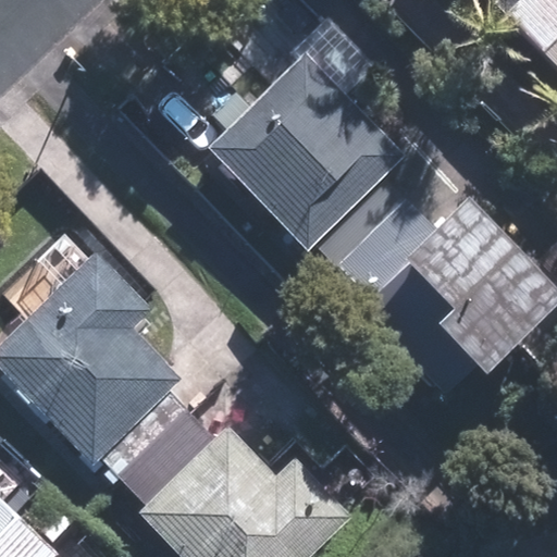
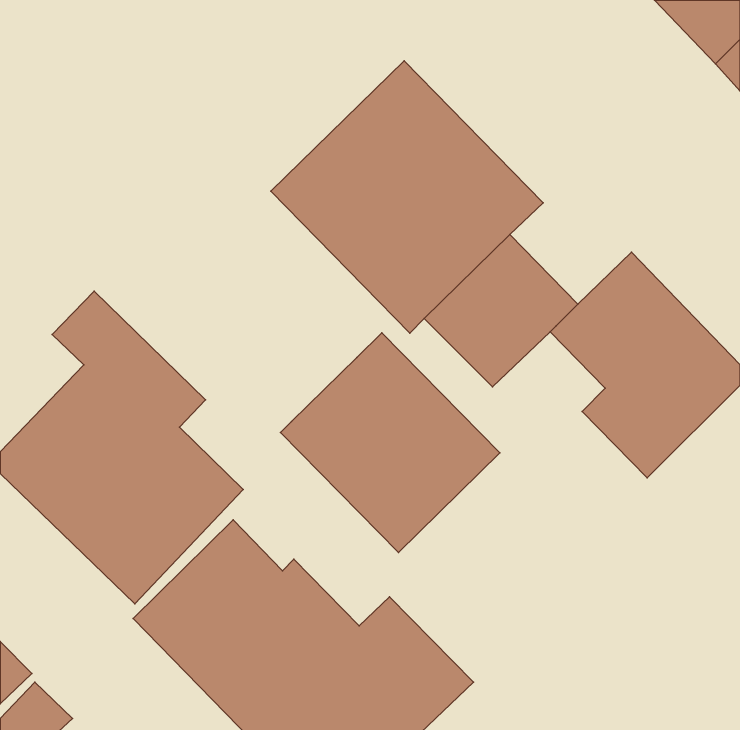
building: none -> [280,333,500,553]

